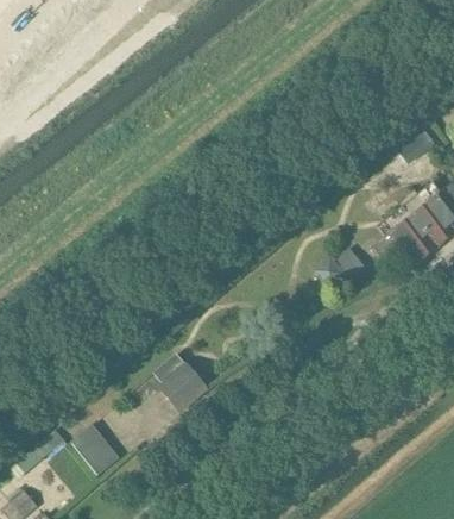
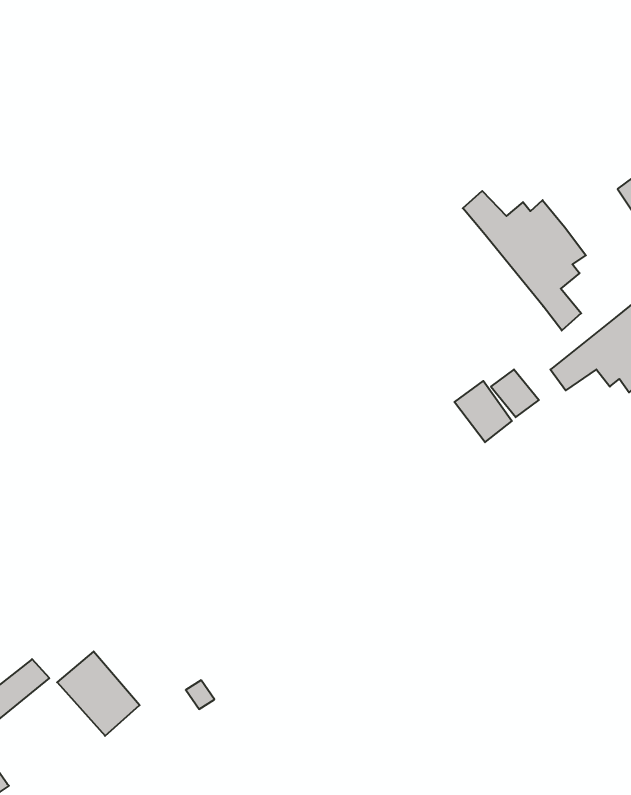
building: none -> [463,191,586,331]
building: [159,361,208,409] -> none

